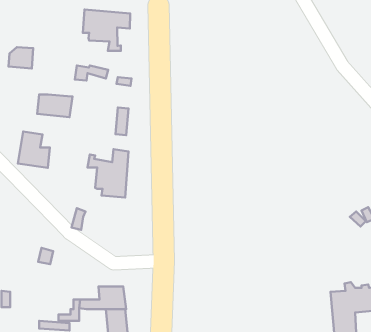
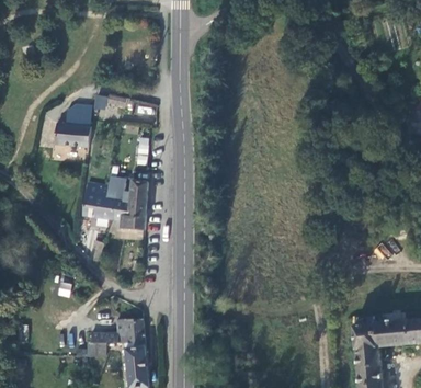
building: [83,9,130,51] -> none
building: [8,47,33,69] -> [66,103,91,125]
building: [18,131,50,168] -> [83,181,116,218]

